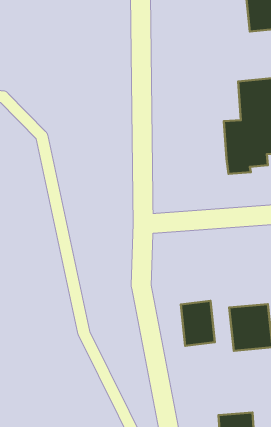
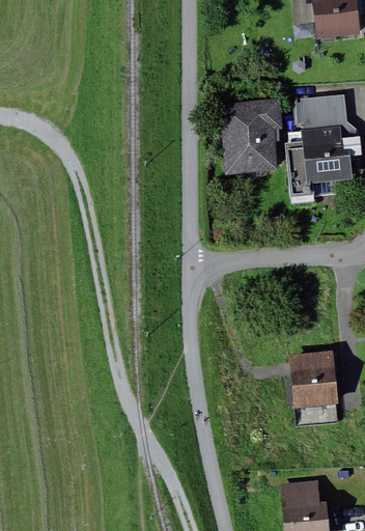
building: none -> [219,99,280,176]
building: [181,301,215,346] -> none

